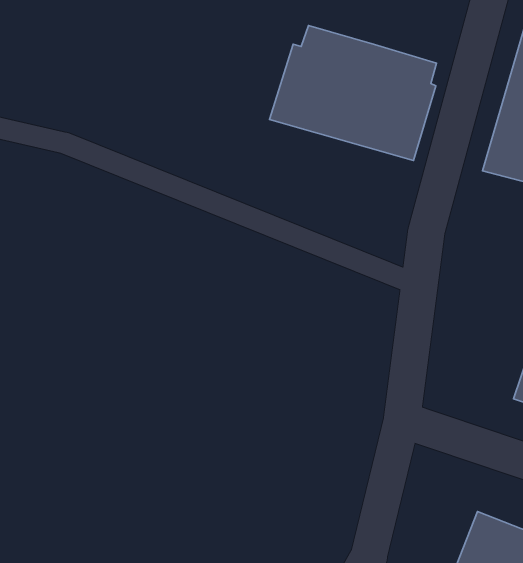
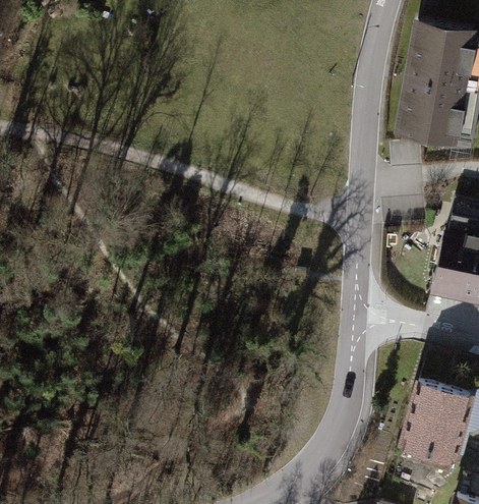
building: [269,25,437,161] -> none

